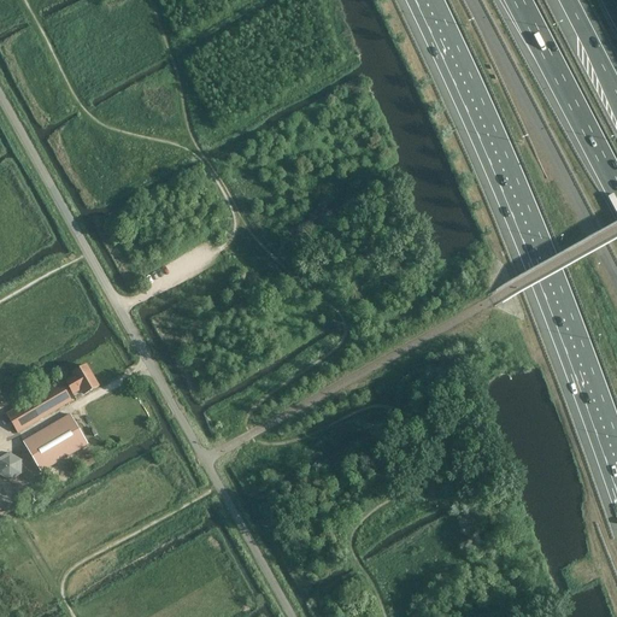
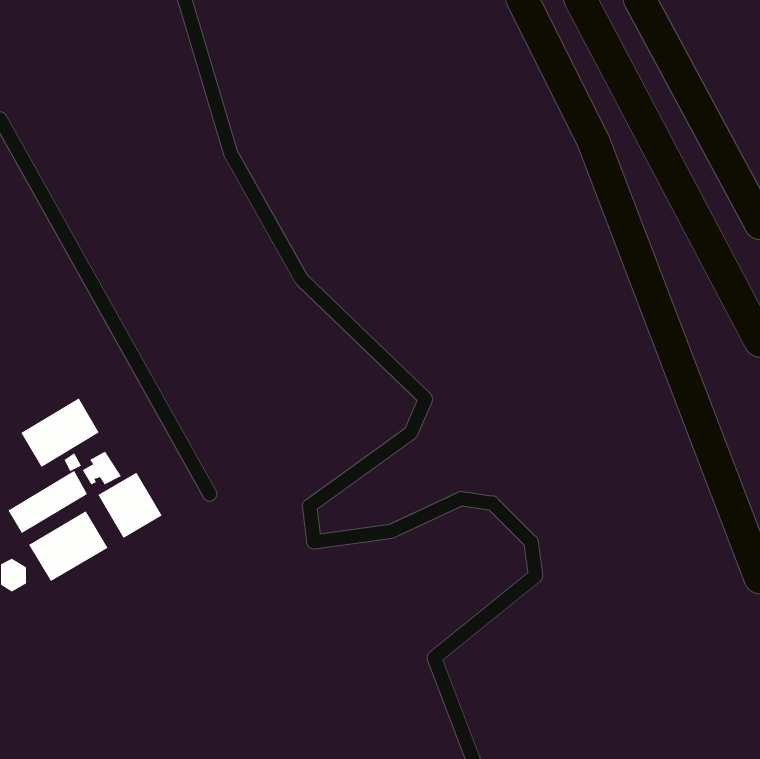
building: none -> [21,398,100,468]
building: none -> [97,472,163,539]

